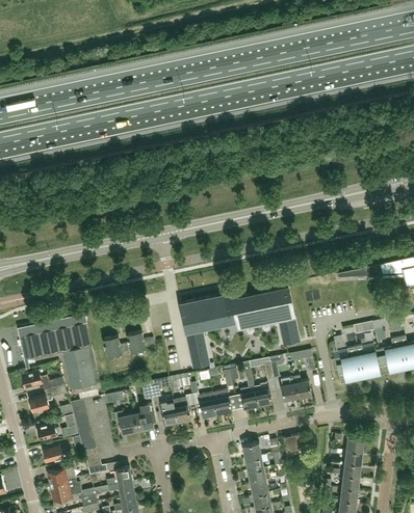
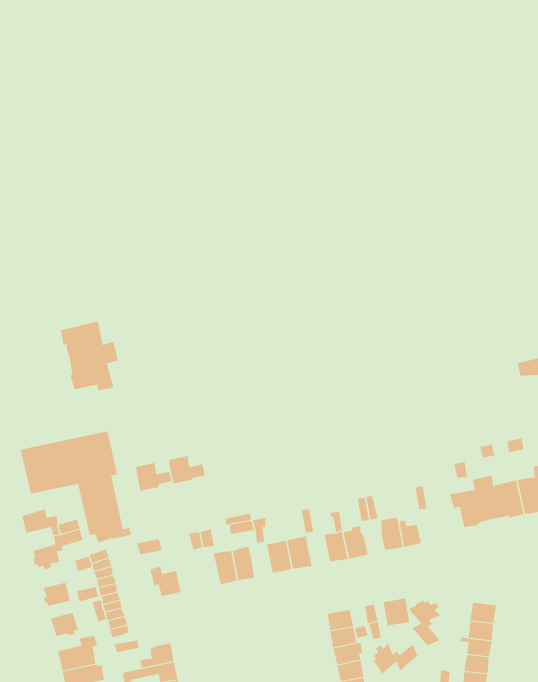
building: none -> [60,321,118,391]
building: [180,288,300,365] -> none
building: [134,404,155,431] -> none
building: none -> [408,600,441,646]
building: none -> [373,643,418,675]

